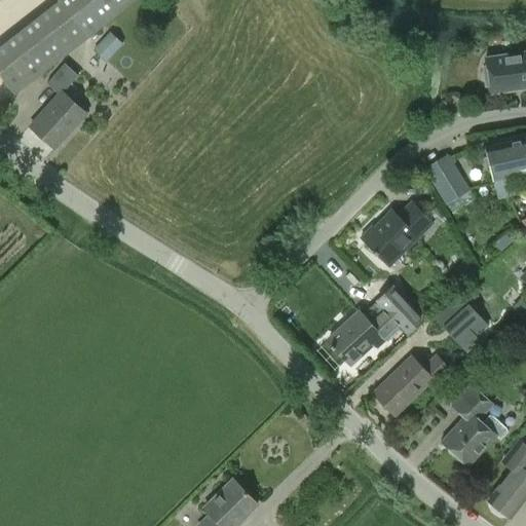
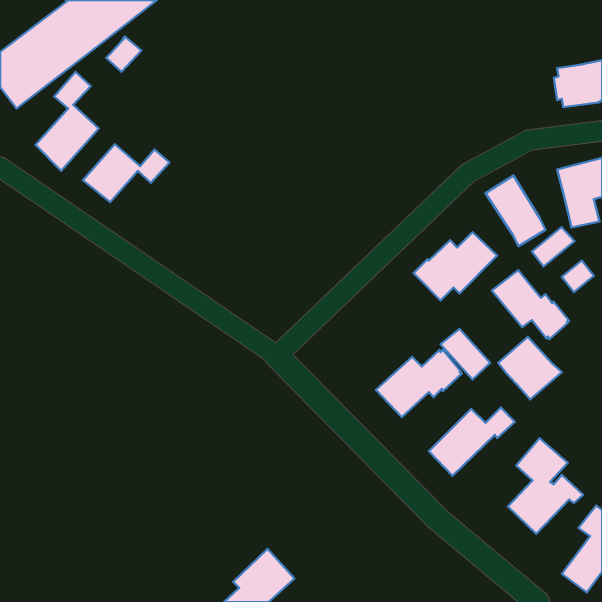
building: none -> [83,144,170,202]
building: none -> [532,227,574,266]
building: none -> [492,270,569,339]

